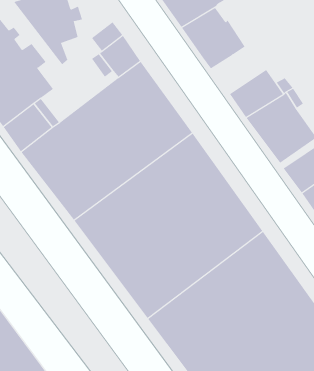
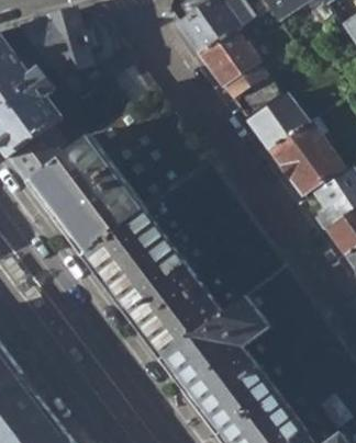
building: none -> [229,73,278,117]

